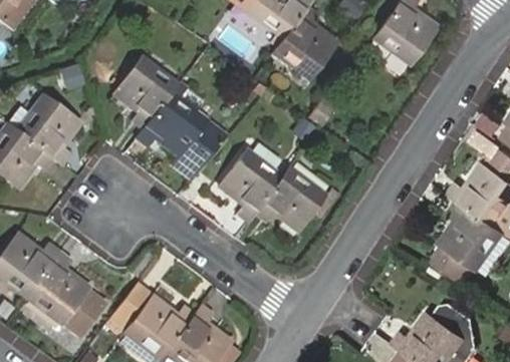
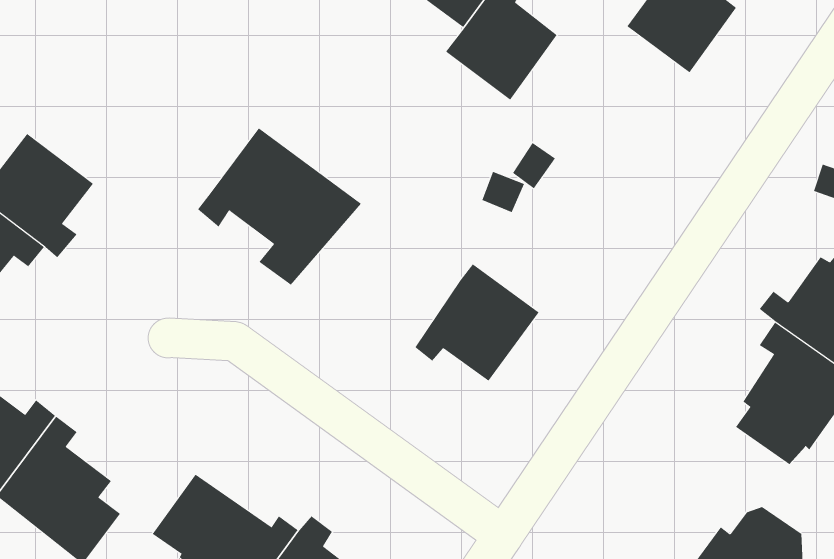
building: [114,56,179,128] -> none
building: [220,150,283,223] -> none

